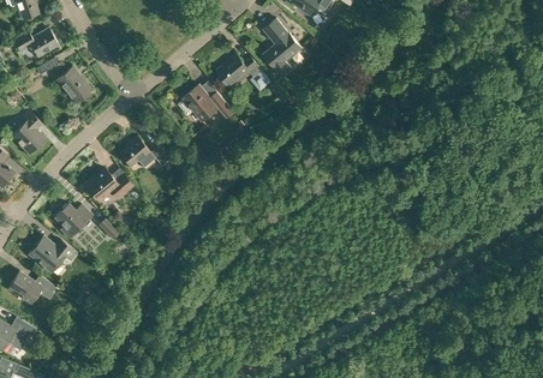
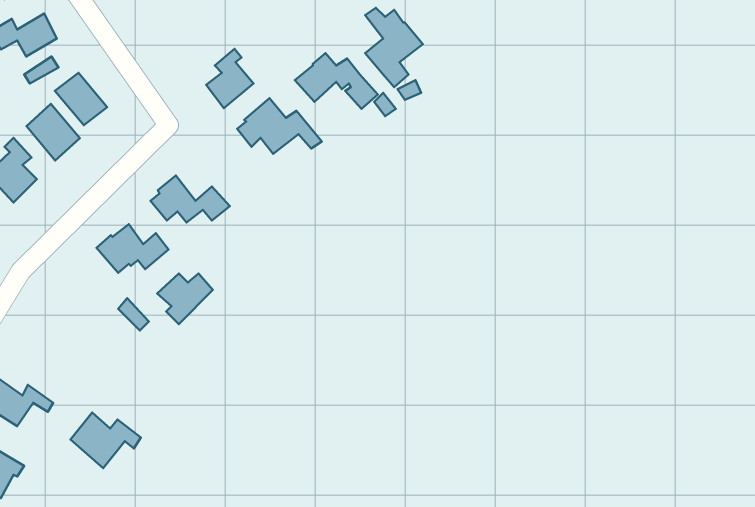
building: none -> [206,49,254,108]
building: none -> [26,104,80,160]
building: [54,204,91,238] -> [157,274,213,324]
building: [29,235,76,272] -> [71,412,141,468]

